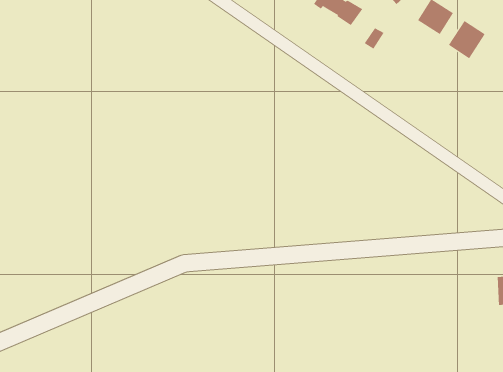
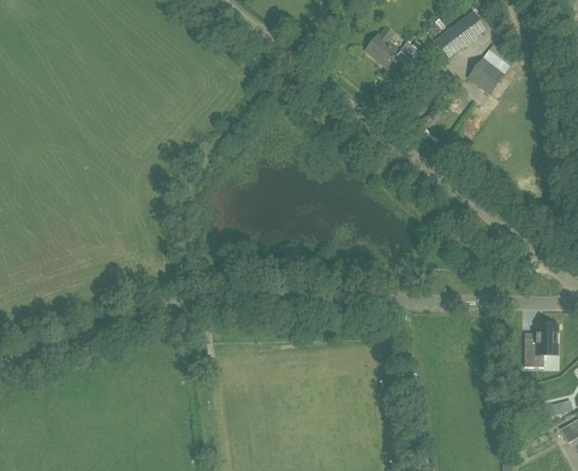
building: [448,20,485,59] -> none

